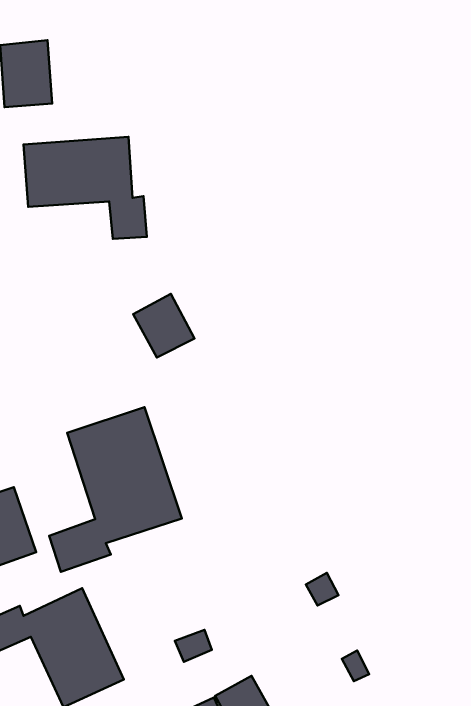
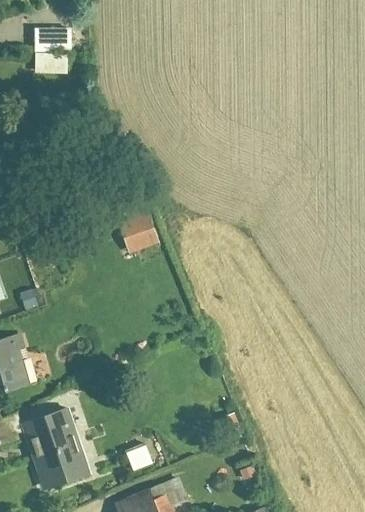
building: [24,137,147,239] -> none
building: [49,407,182,572] -> none

